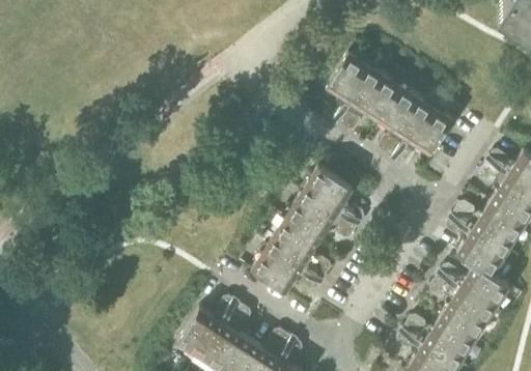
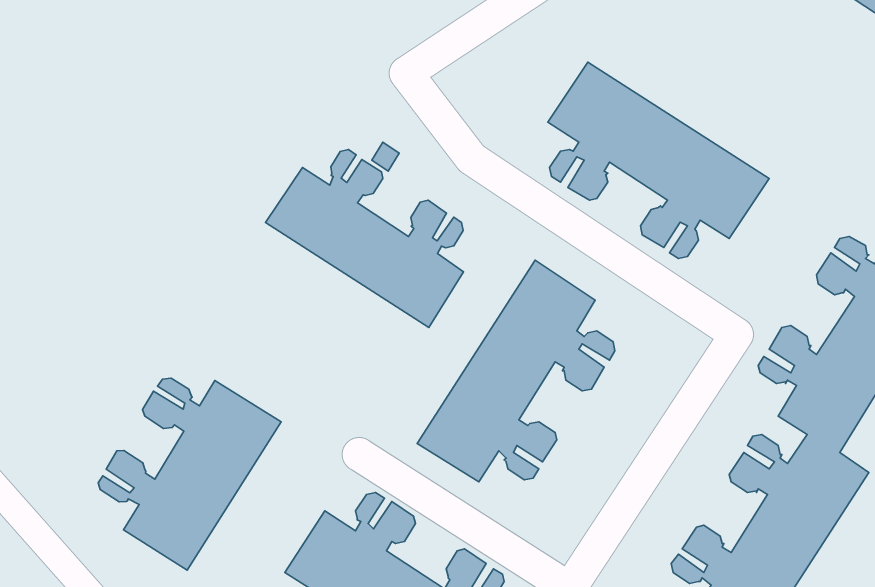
building: none -> [266,149,464,328]
building: none -> [98,378,281,570]

